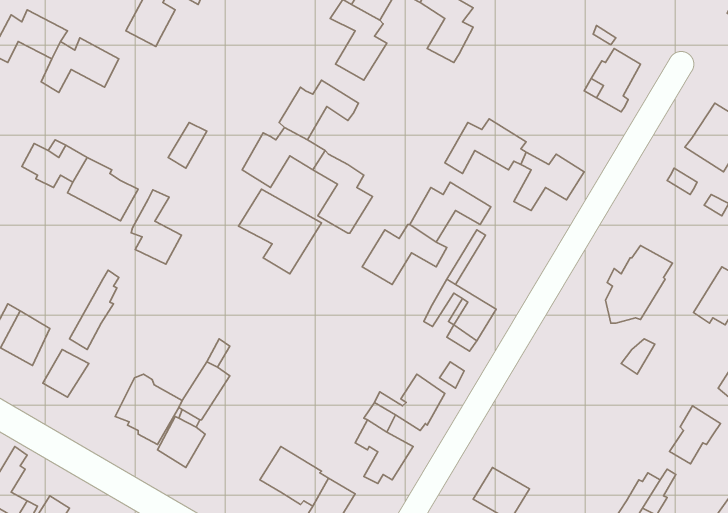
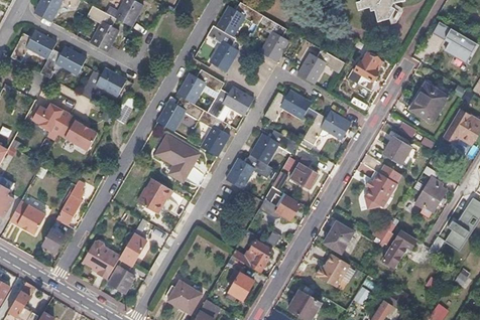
building: none -> [298,49,346,84]
building: none -> [81,68,127,100]
building: none -> [206,88,252,119]
building: [131,190,181,264] -> none
building: none -> [383,138,410,165]
building: none -> [291,155,319,187]
building: none -> [138,180,172,213]
building: none -> [325,222,354,253]
building: none -> [316,253,351,287]
building: [669,406,721,464] -> [384,230,413,264]

